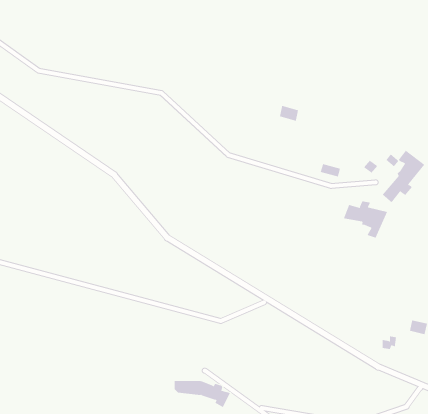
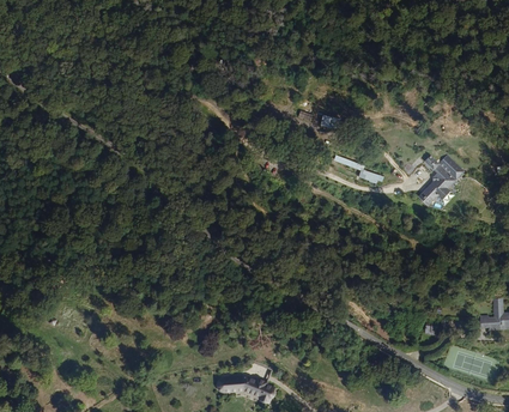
building: [343,200,388,238] -> none

